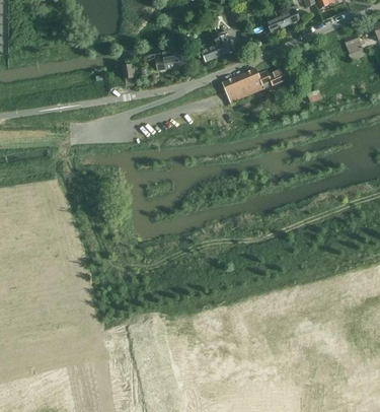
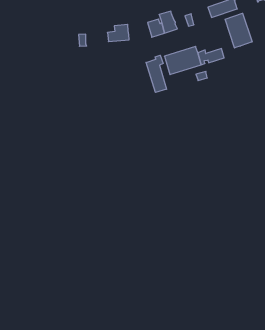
building: none -> [225,13,252,48]
building: none -> [146,55,167,92]

